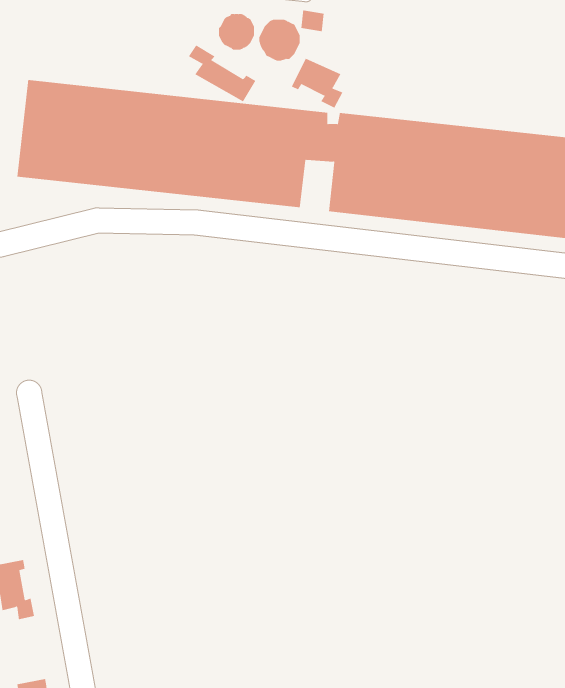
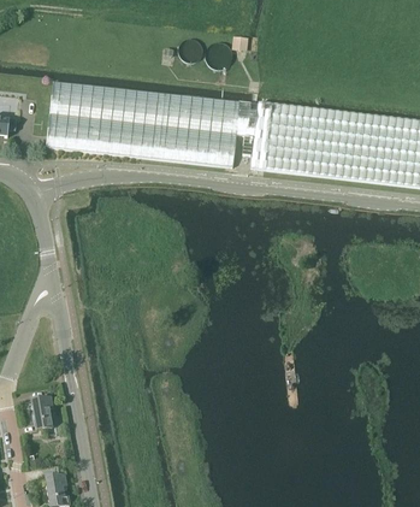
building: [188,44,256,102] -> none
building: [291,58,343,109] -> none

